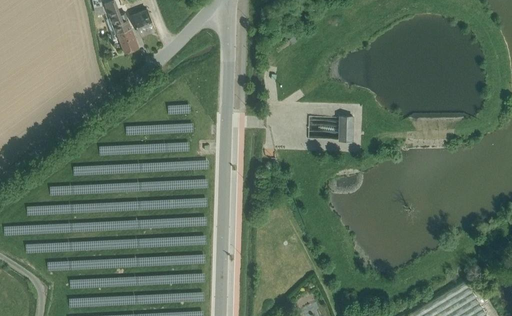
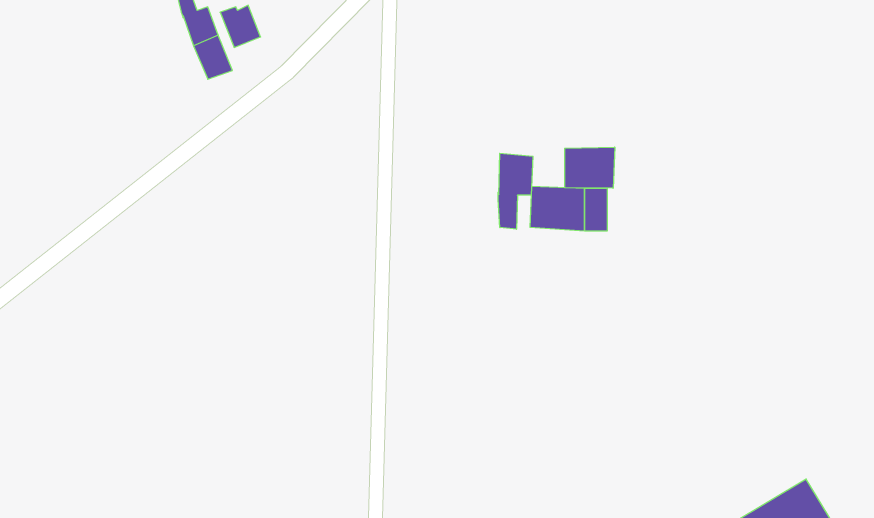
building: none -> [565,147,615,188]
building: none -> [498,153,533,229]

